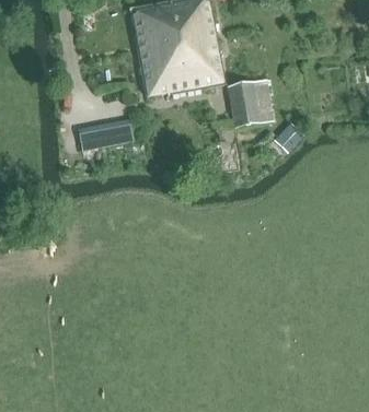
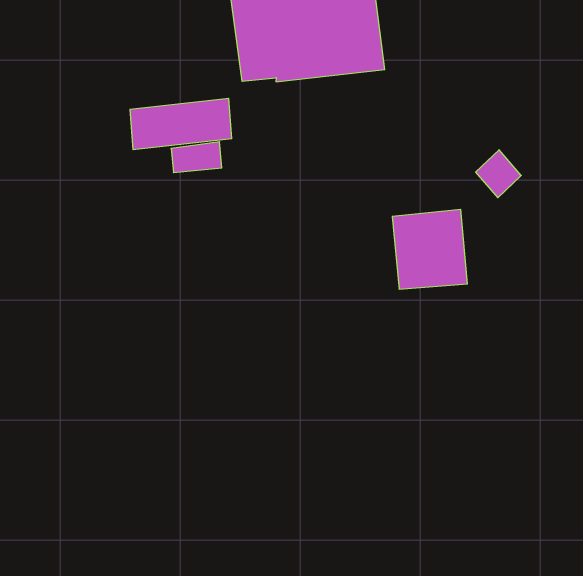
building: [229,79,273,125] -> [392,209,467,289]

